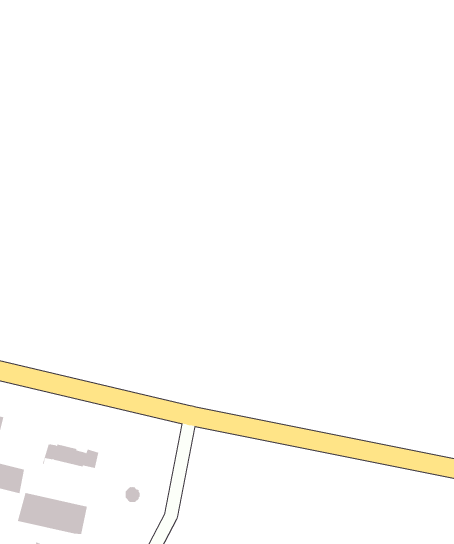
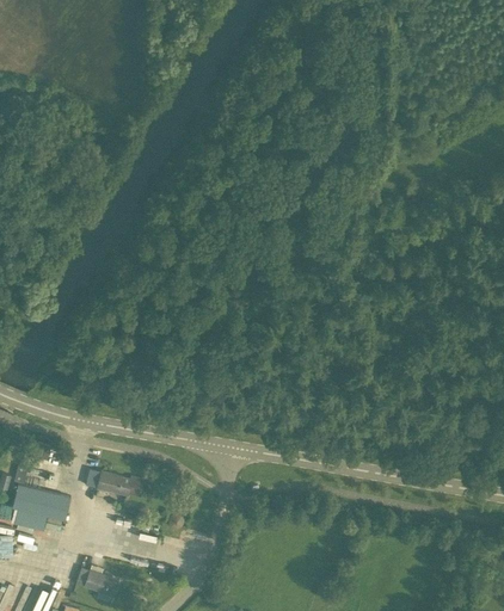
building: [17,492,88,535] -> none

